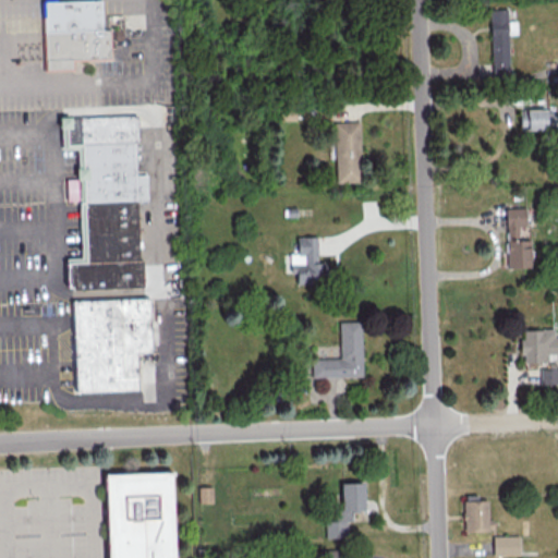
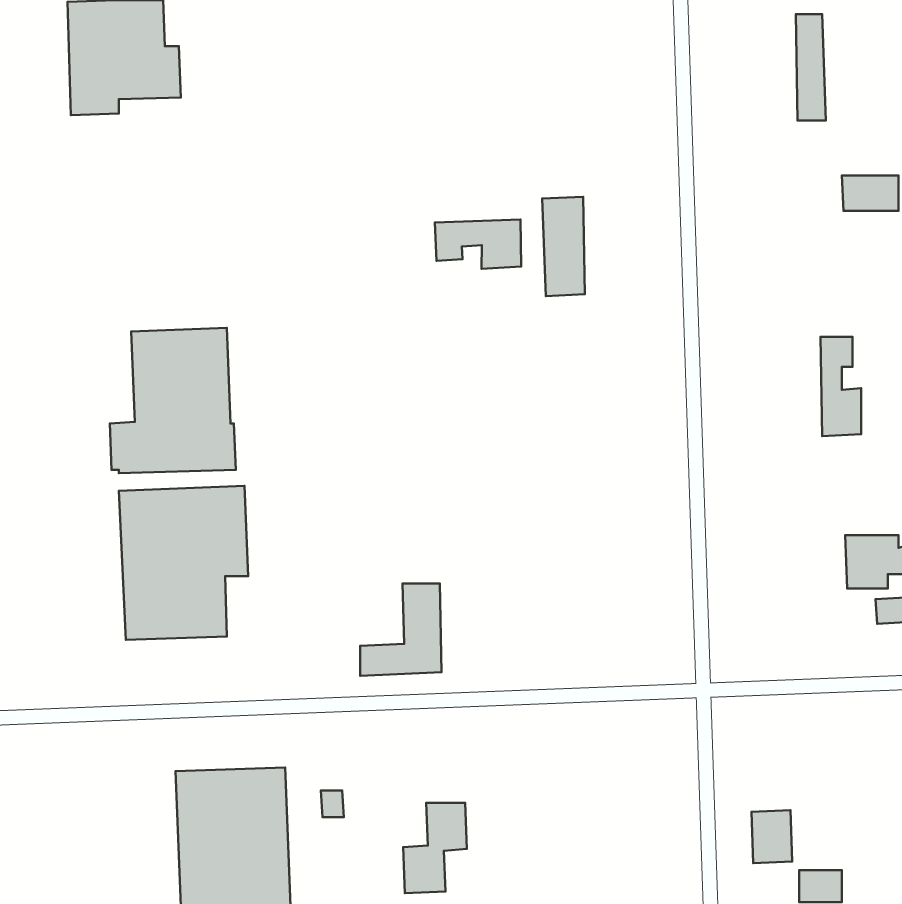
building: [62,117,143,205] -> none
building: none -> [435,219,521,269]
building: [291,236,326,284] -> none
building: [313,322,363,378] -> [360,584,442,676]
building: [327,483,366,538] -> [403,803,467,893]

